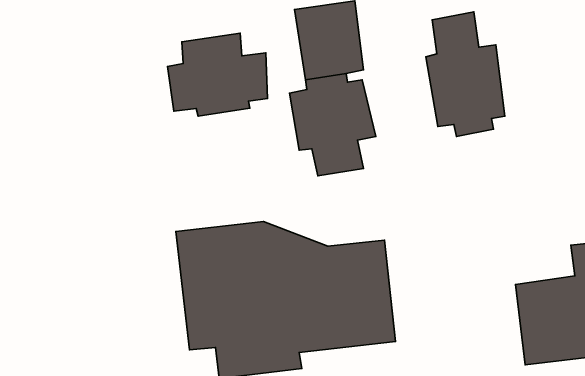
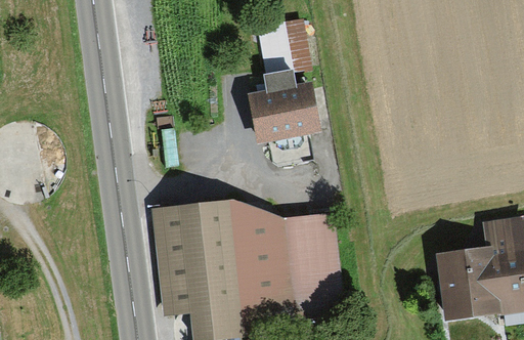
building: [426,12,505,137] -> none
building: [168,33,268,116] -> none

